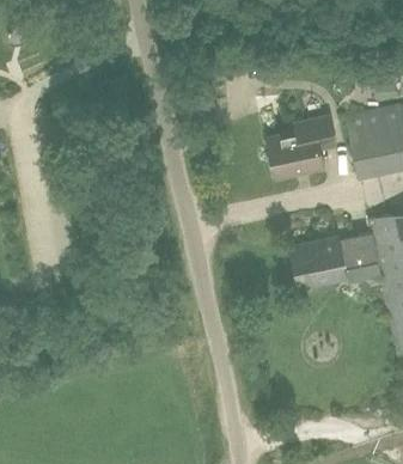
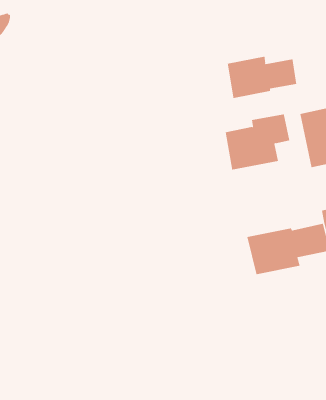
building: none -> [227,56,297,99]

